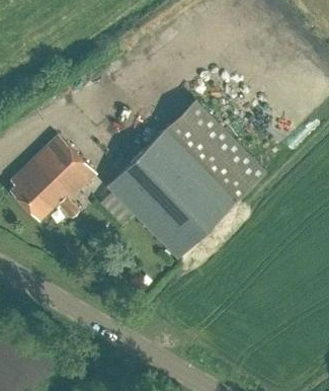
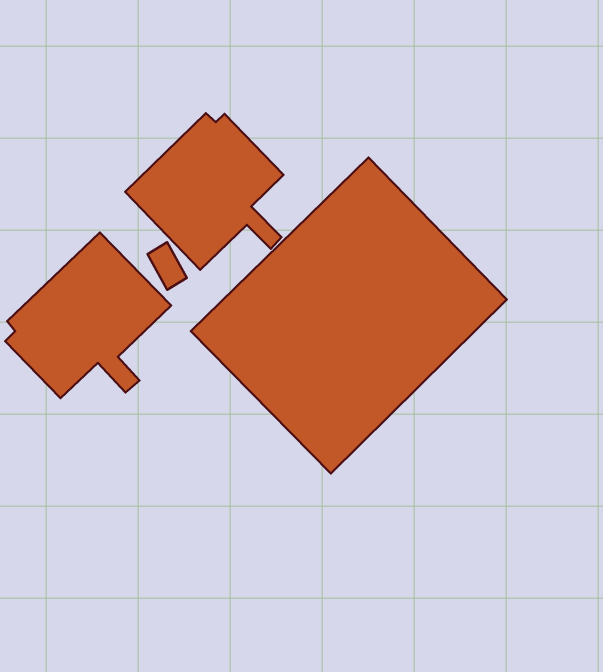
building: none -> [125,113,283,270]

